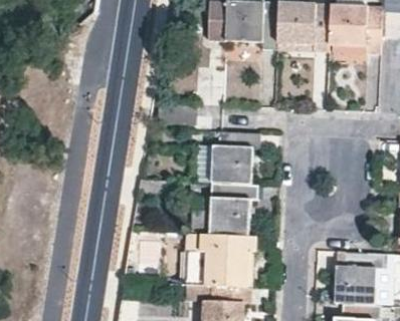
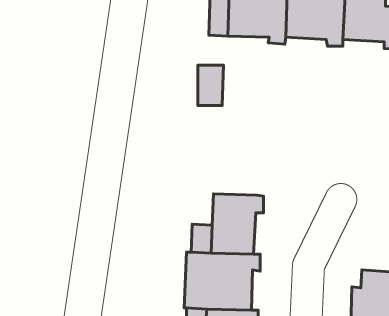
building: [212,132,261,185] -> none

